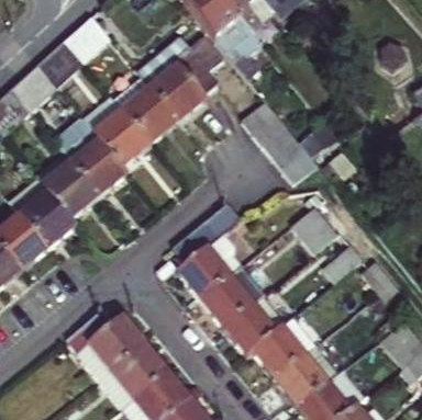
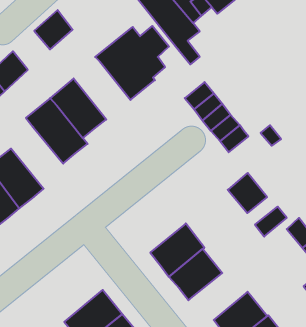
building: [40,39,84,86] -> none
building: [113,76,178,144] -> none
building: [35,152,99,218] -> none
building: [173,202,242,299] -> none
building: [66,309,145,381] -> none
building: [253,318,315,378] -> none

